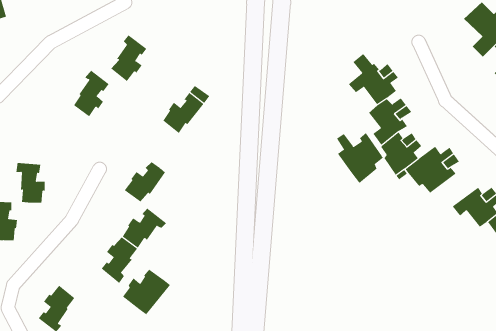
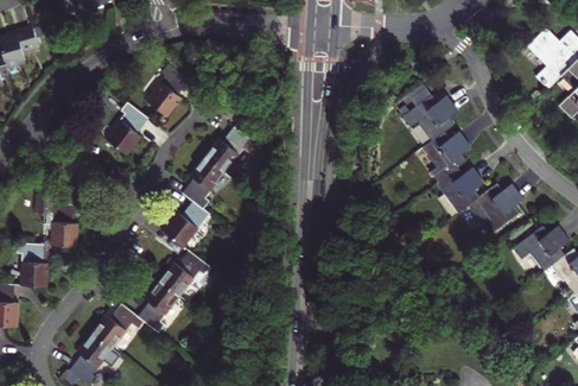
building: none -> [182,157,222,208]
building: [336,132,383,184] -> none
building: [122,269,171,315] -> [93,304,145,354]

